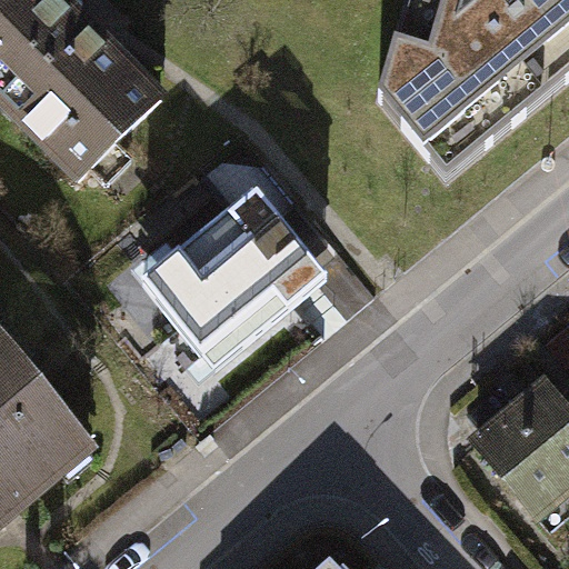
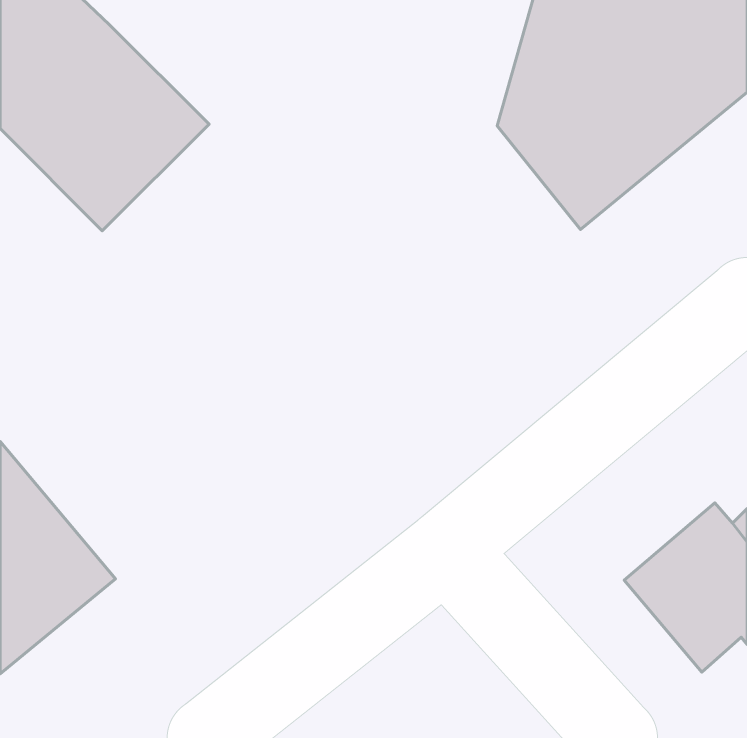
building: [140,183,329,369] -> none

